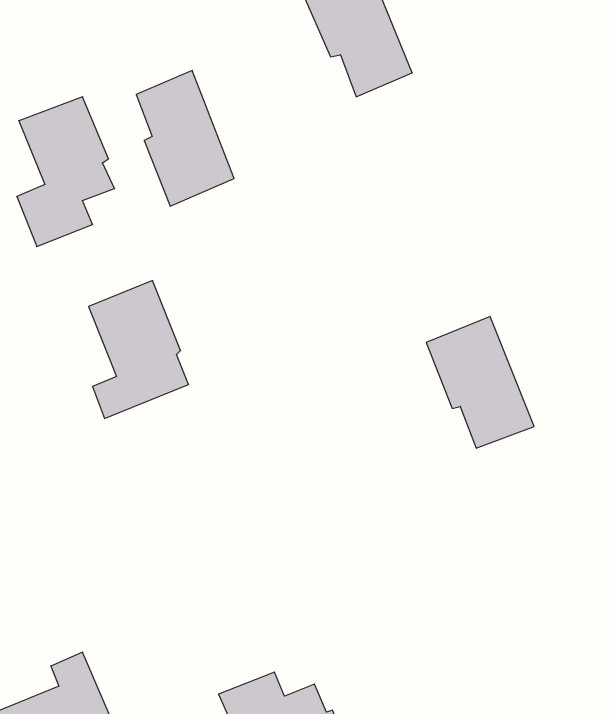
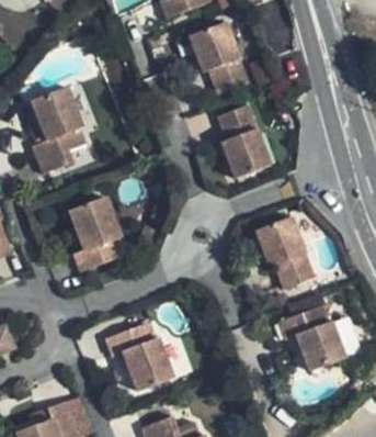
building: [136,70,234,206] -> [216,104,270,179]
building: none -> [280,303,347,369]
building: none -> [105,321,175,390]

